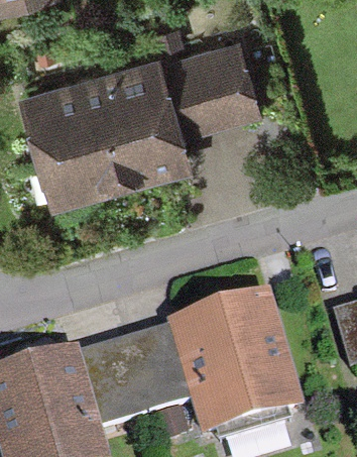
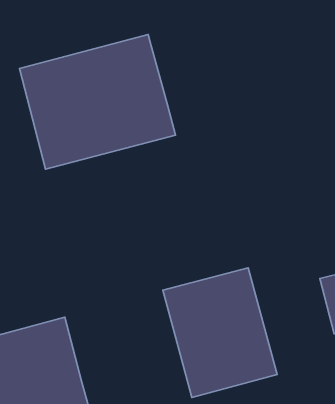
building: [159,44,255,132] -> none
building: [71,324,191,419] -> none

